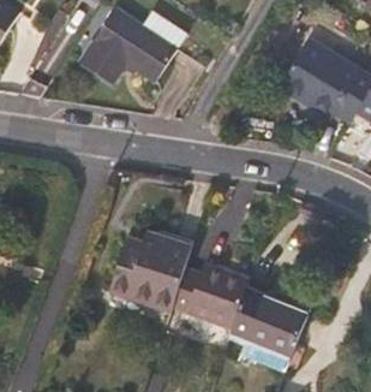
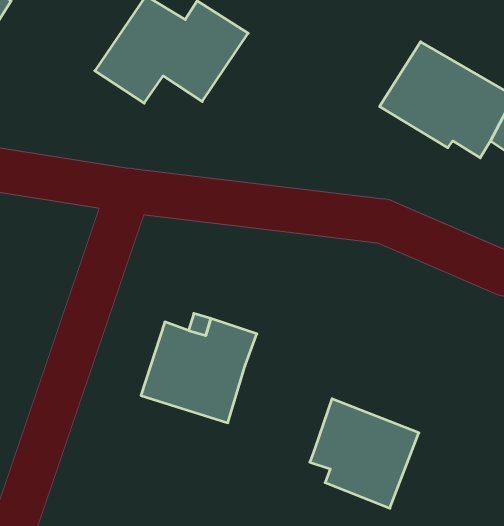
building: [172,265,250,327] -> none

